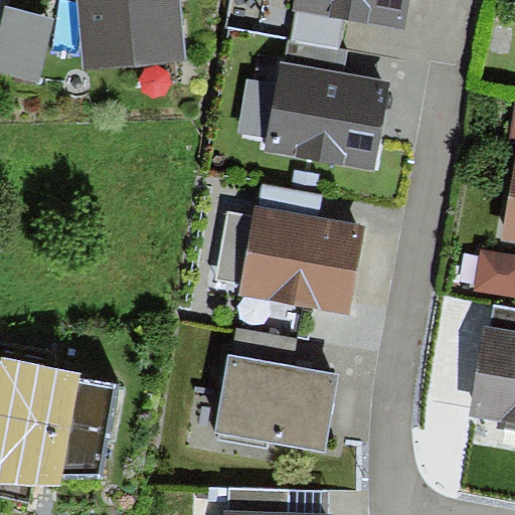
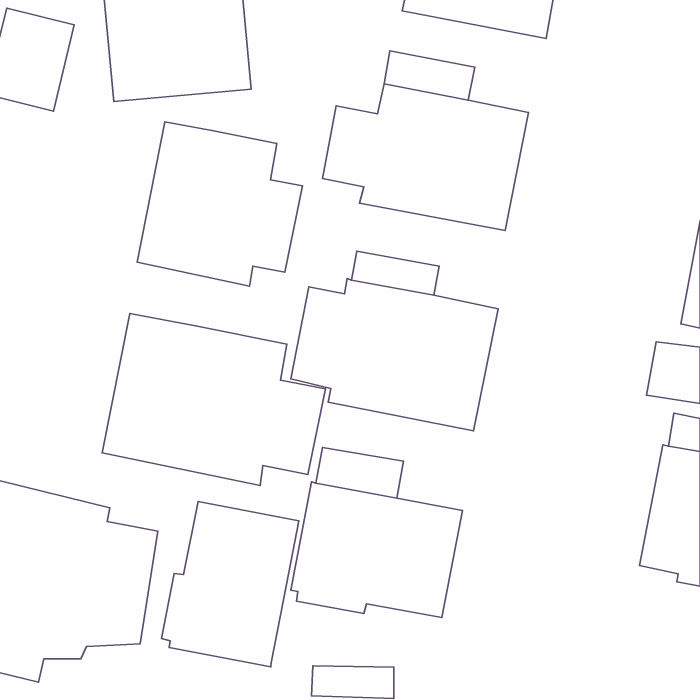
building: none -> [137,122,302,286]
building: none -> [102,314,325,485]
building: none -> [161,502,299,667]

